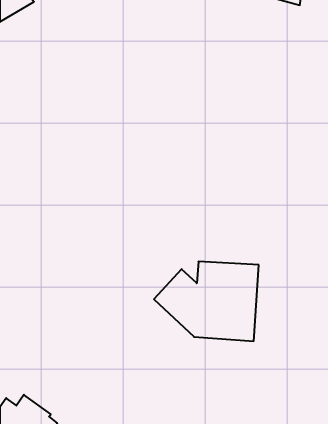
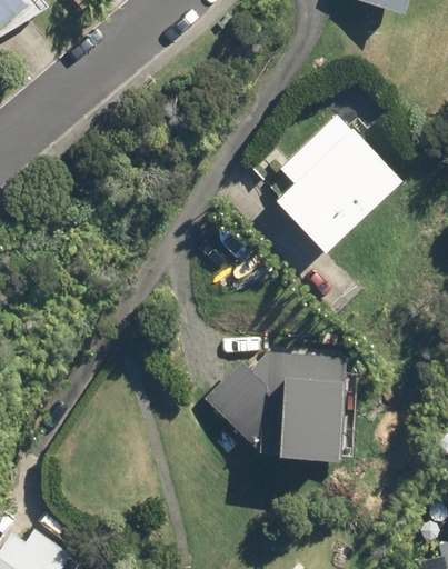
building: none -> [273,127,399,251]

